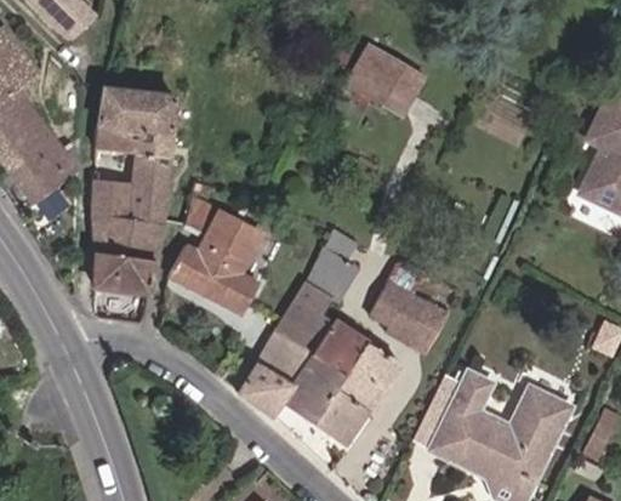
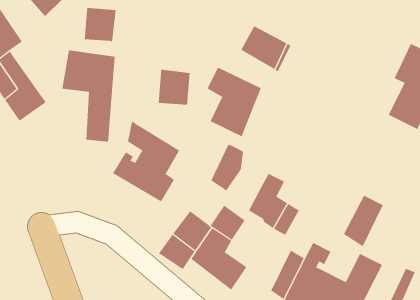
building: none -> [84,7,116,42]
building: none -> [207,67,261,137]
building: none -> [158,69,190,106]
building: [92,147,165,289] -> none
building: [283,280,332,346] -> none
building: none -> [343,195,383,247]
building: [335,338,397,406] -> none

